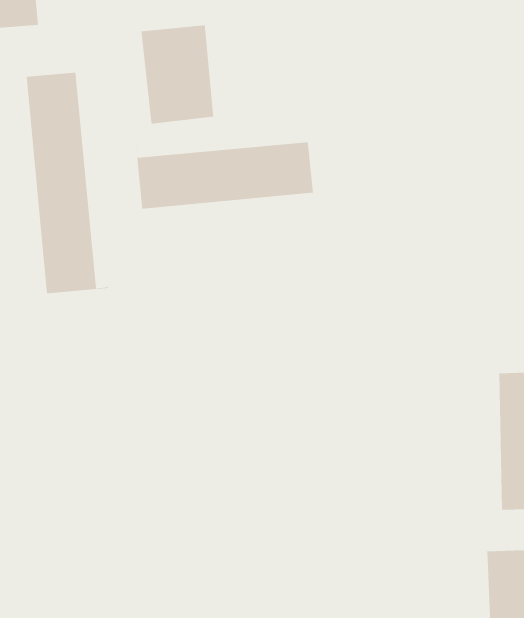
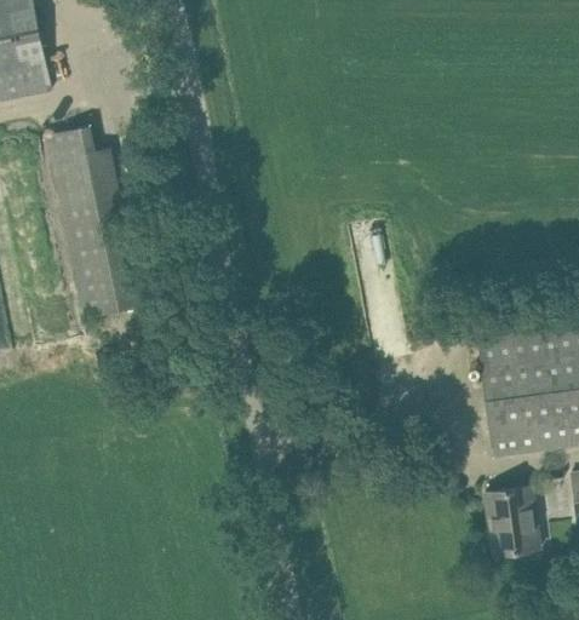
building: [141,25,214,124] -> none
building: [135,141,314,209] -> none

